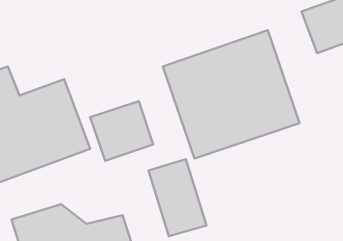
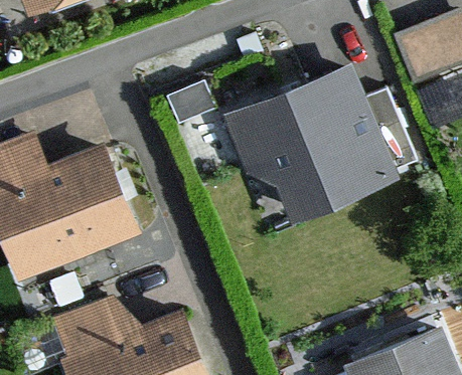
building: [90,101,153,161] -> none
building: [149,159,206,236] -> none

